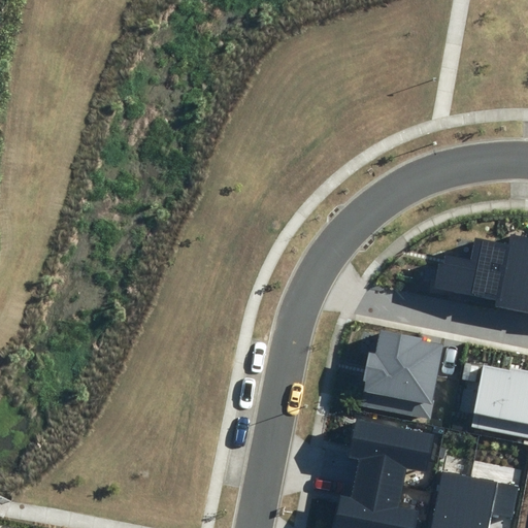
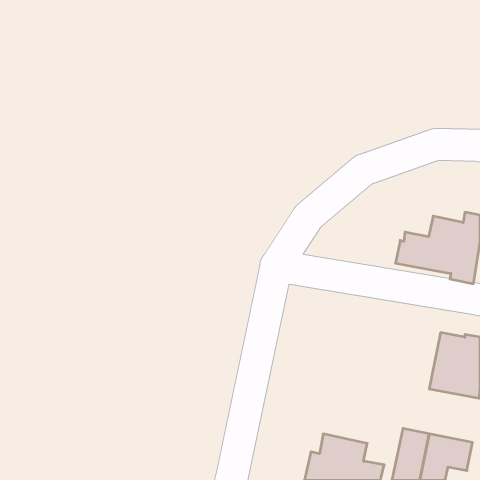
building: [360,330,443,417] -> none
building: [350,418,436,487] -> none

